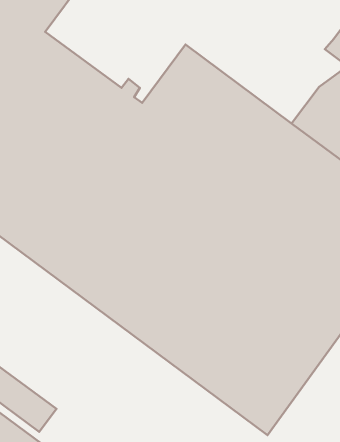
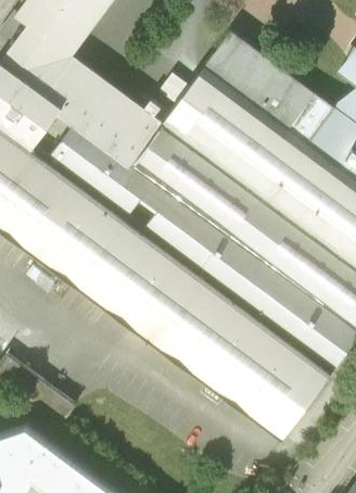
building: none -> [205,33,332,142]

